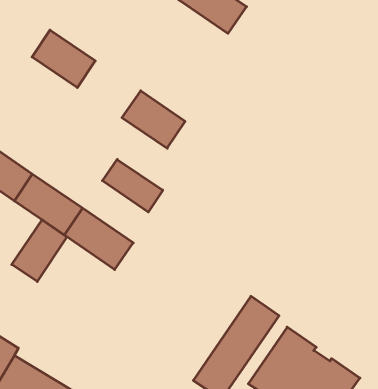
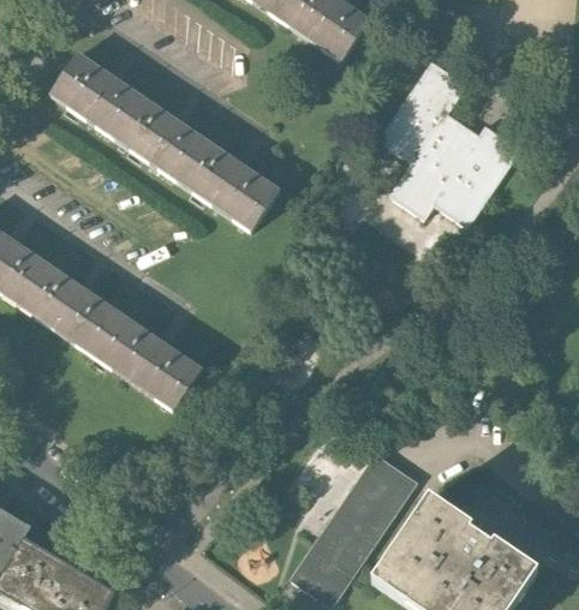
building: none -> [380,56,521,222]
building: none -> [119,101,213,185]
building: [102,159,163,212] -> none
building: [12,220,67,282] -> none

